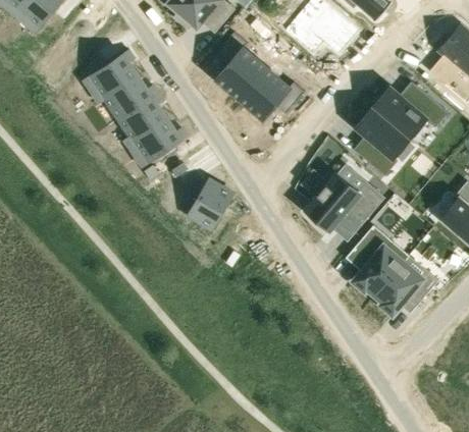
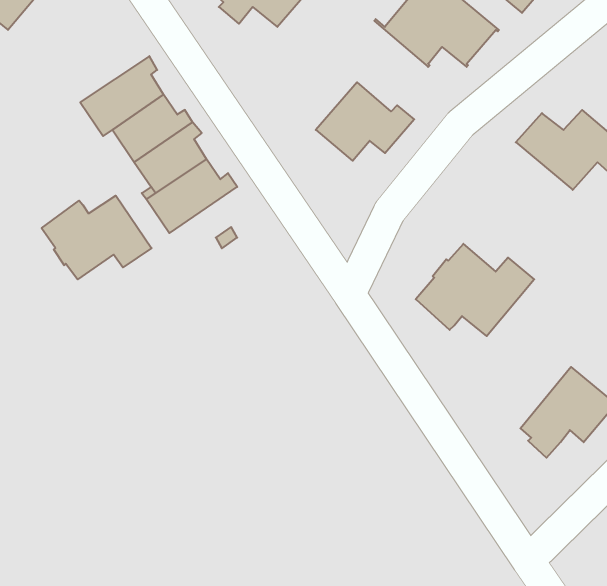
building: [215,31,267,98] -> none
building: [355,106,410,175] -> none
building: none -> [42,196,152,279]
building: [189,178,234,228] -> none
building: [353,224,409,295] -> none

